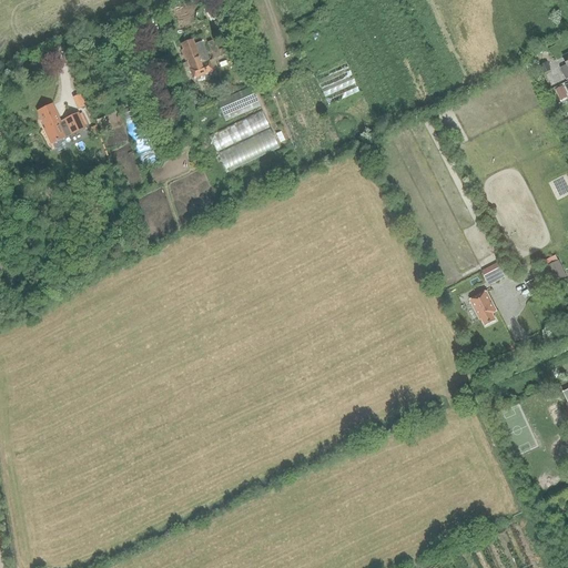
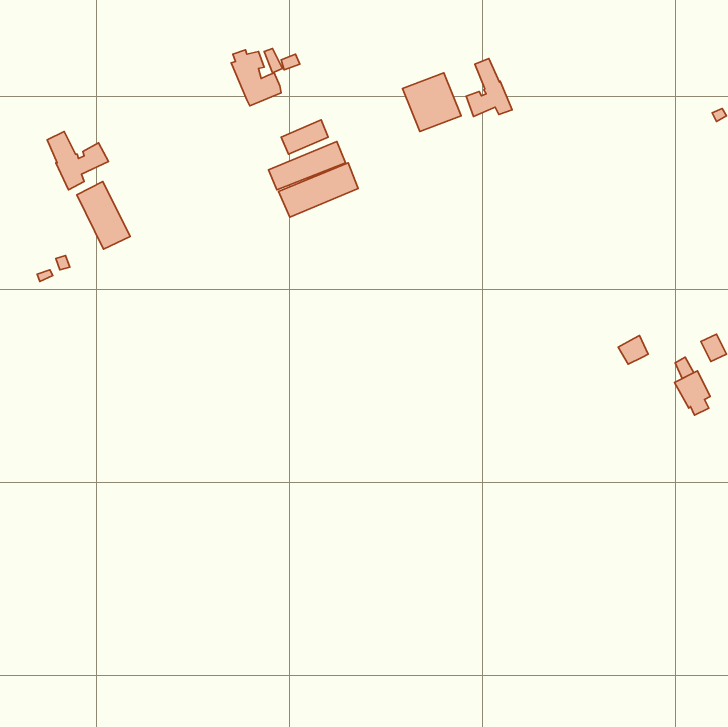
building: none -> [466,59,512,117]
building: none -> [77,181,130,249]
building: [468,290,496,324] -> [675,371,710,415]

